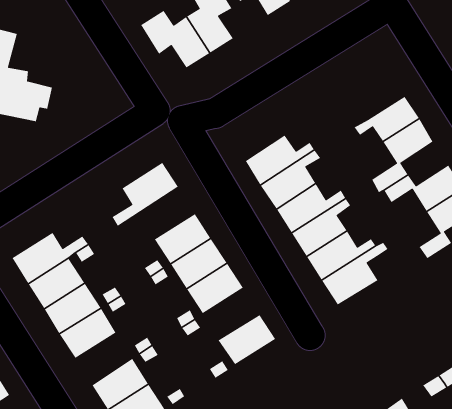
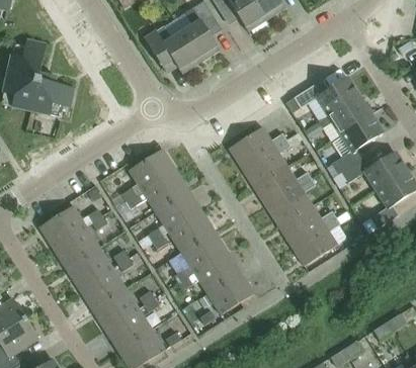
building: none -> [294,76,358,114]
building: none -> [126,169,188,211]
building: none -> [194,251,241,293]
building: none -> [91,287,138,330]

